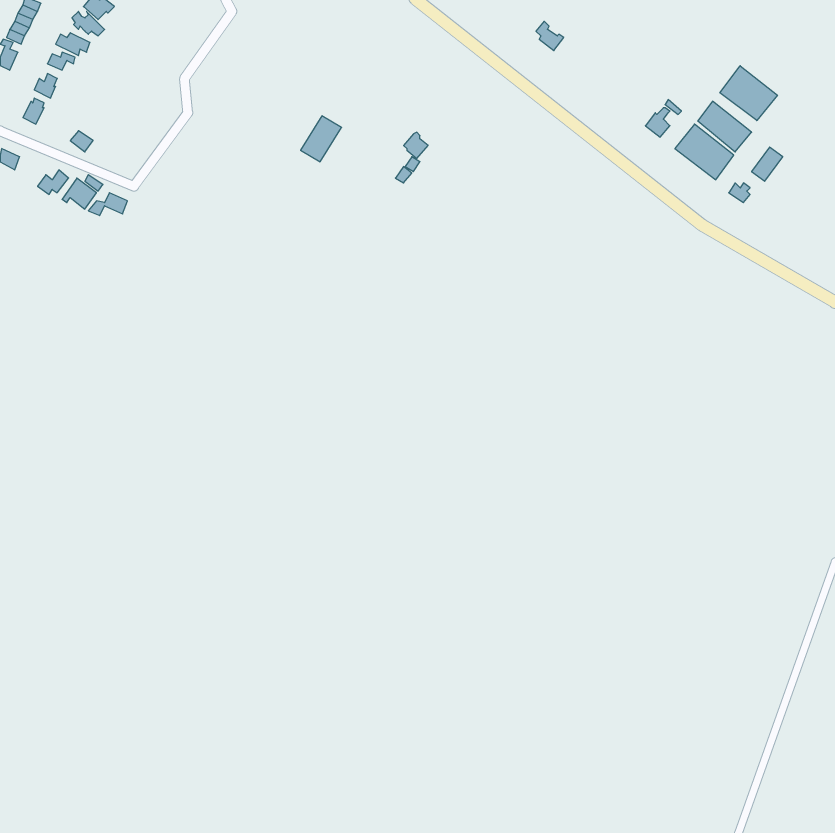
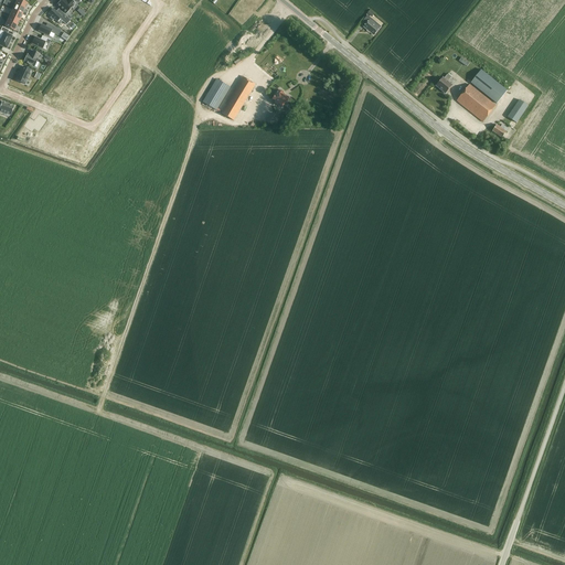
building: [720,66,777,121] -> none
building: none -> [222,75,256,120]

